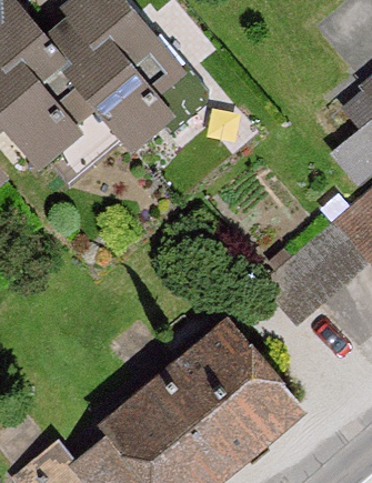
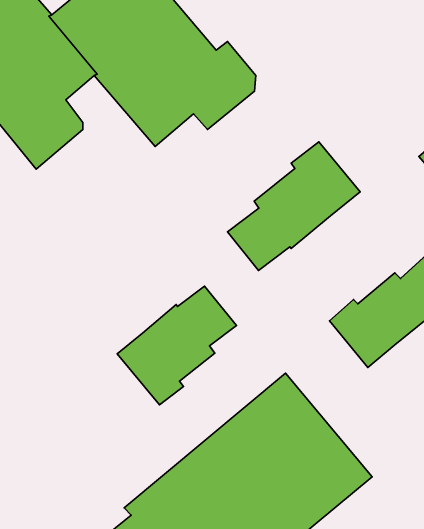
building: none -> [228,142,360,270]
building: none -> [117,286,237,405]

